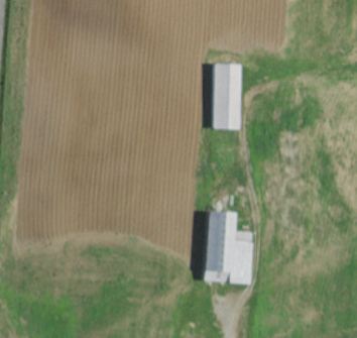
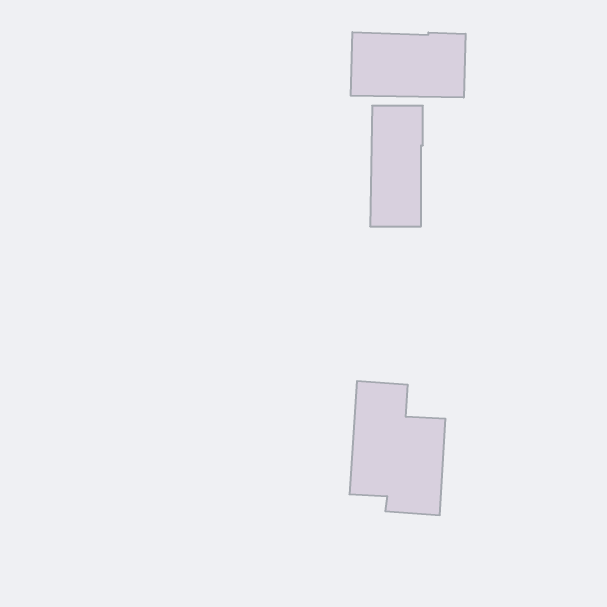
building: none -> [351,32,466,98]

